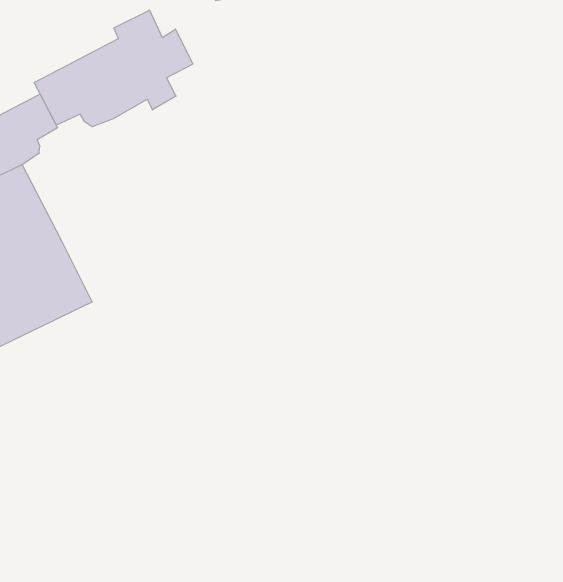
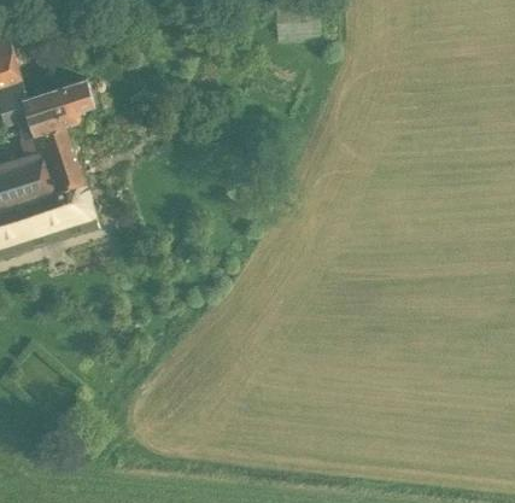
building: [34,10,193,127] -> none

